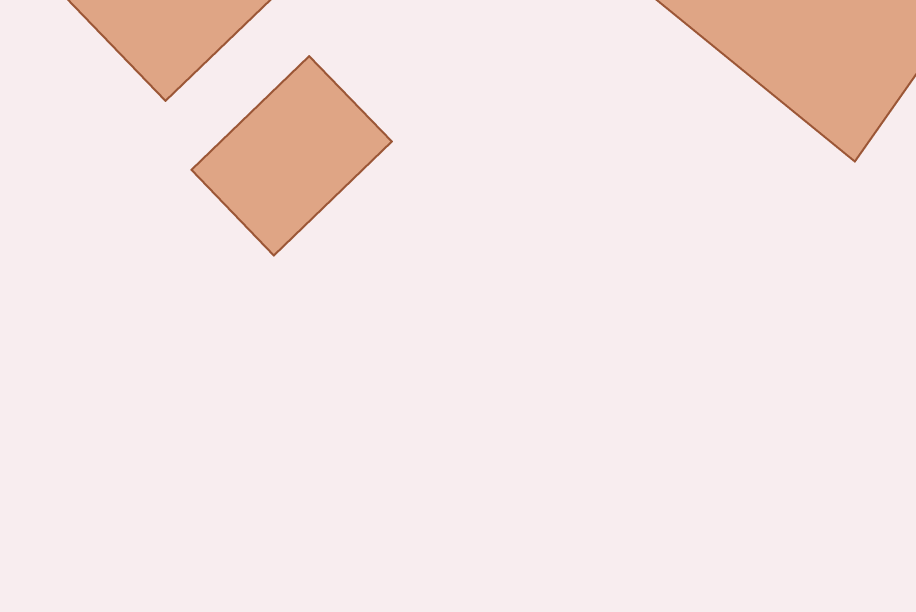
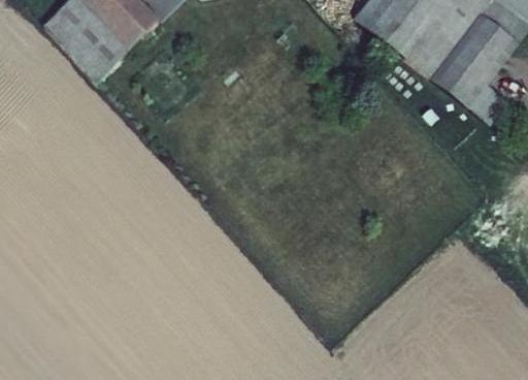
building: [191,56,392,255] -> none

